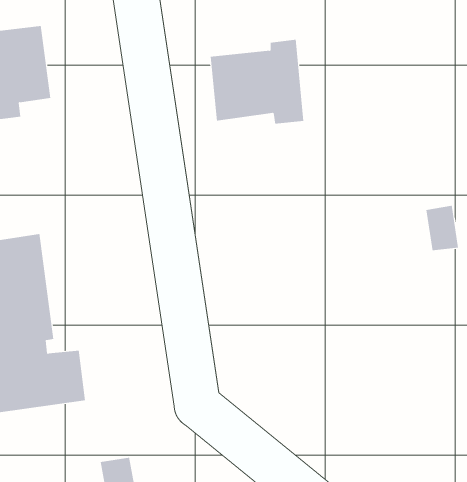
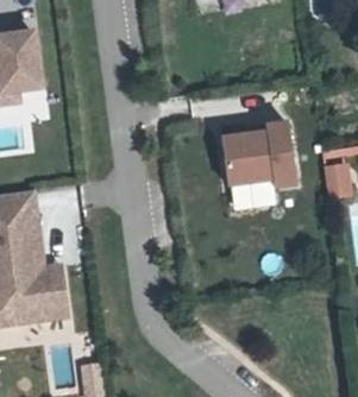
building: [210,39,304,124] -> [225,124,296,188]

